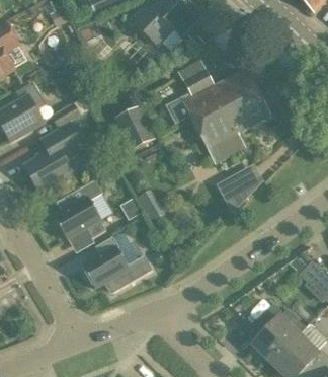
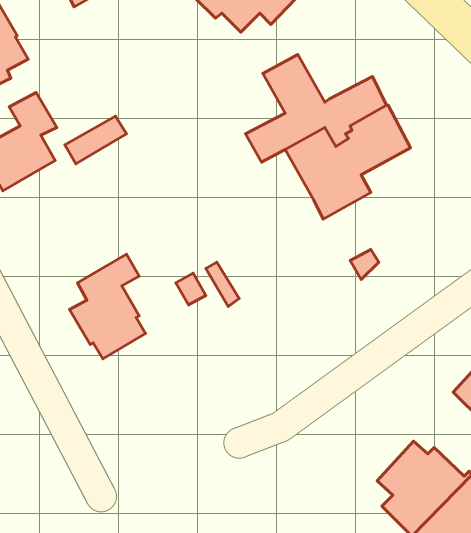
building: [112,103,154,148] -> none
building: [24,123,84,193] -> none
building: [81,231,151,290] -> none

